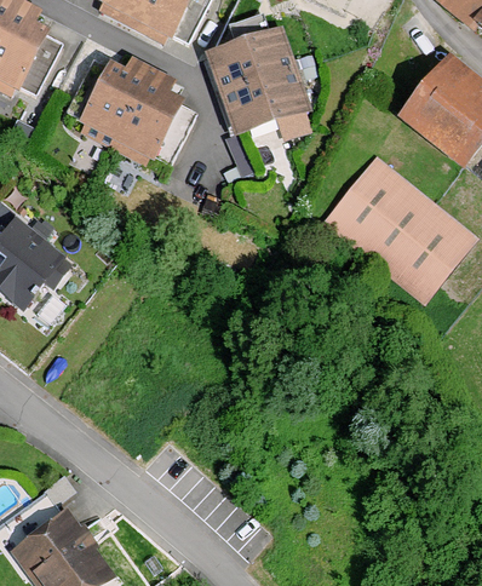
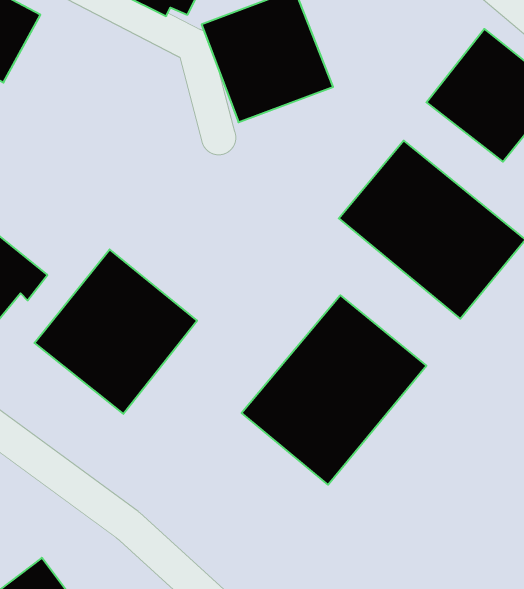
building: [73,57,197,167] -> none
building: none -> [34,249,197,414]
building: none -> [242,295,426,485]

